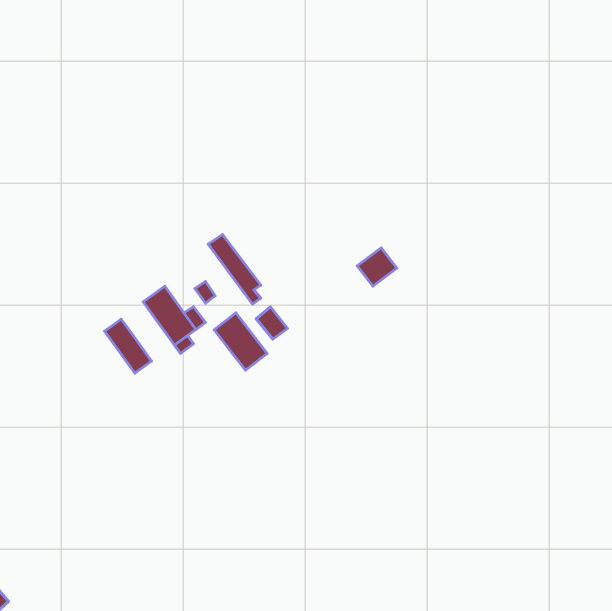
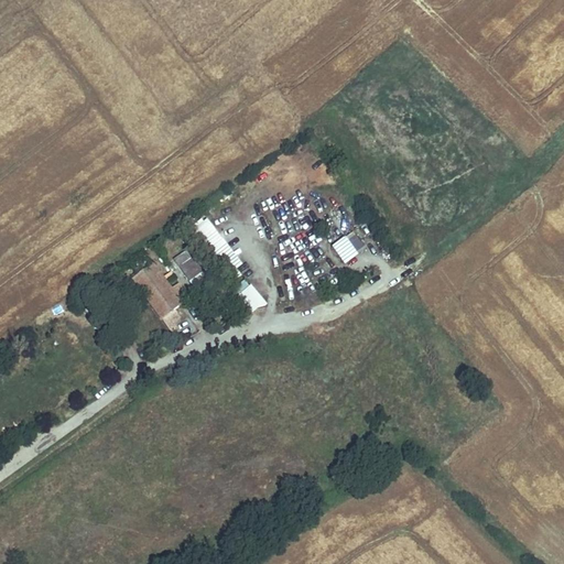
building: [214,313,267,370] -> none
building: [105,319,152,373] -> none

